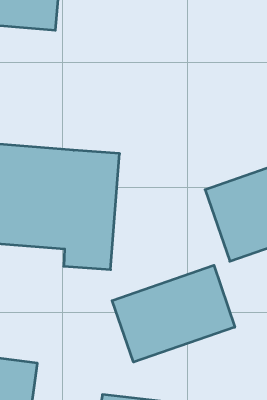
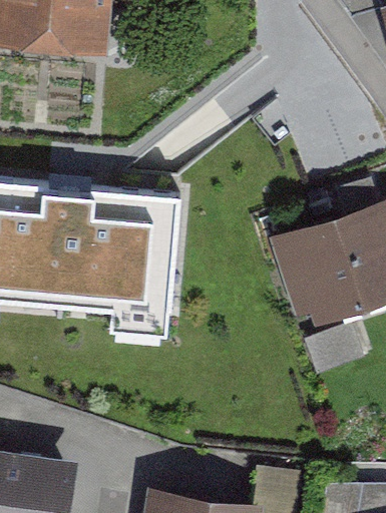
building: [112,265,235,362] -> none

